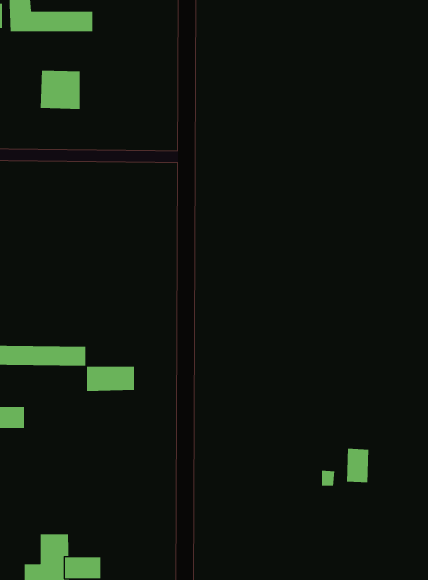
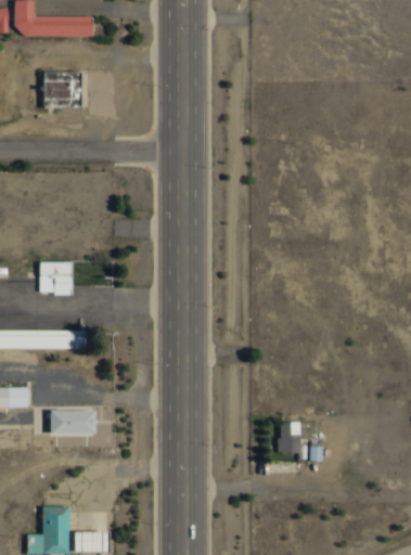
building: none -> [40,261,74,294]
building: [86,366,135,391] -> [51,410,97,434]
building: [346,448,369,483] -> [273,422,295,454]

